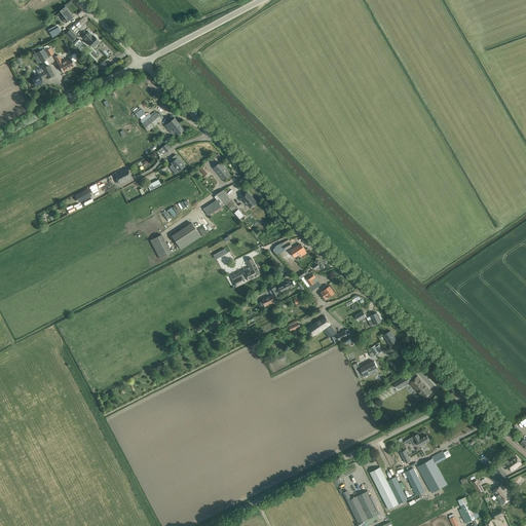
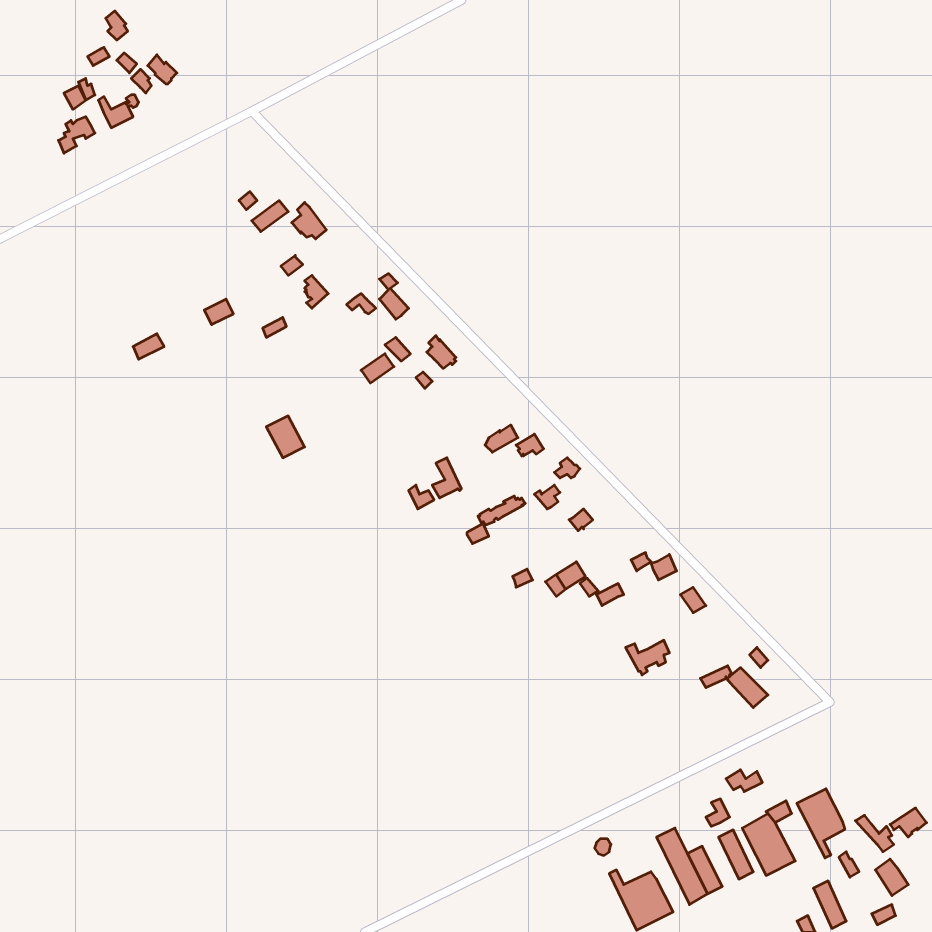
building: [172,222,200,250] -> none
building: none -> [797,789,845,858]

